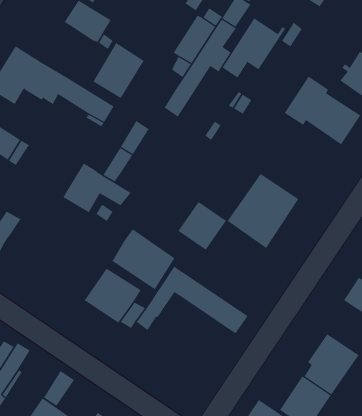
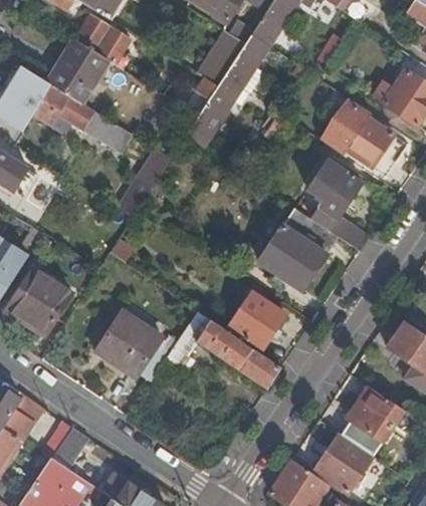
building: [222,17,286,79] -> none
building: [92,42,145,99] -> [49,38,108,101]
building: none -> [294,161,369,250]
building: [63,163,132,213] -> none
building: [177,201,227,251] -> [230,292,285,347]
building: [111,229,175,290] -> none
building: none -> [9,269,70,331]

